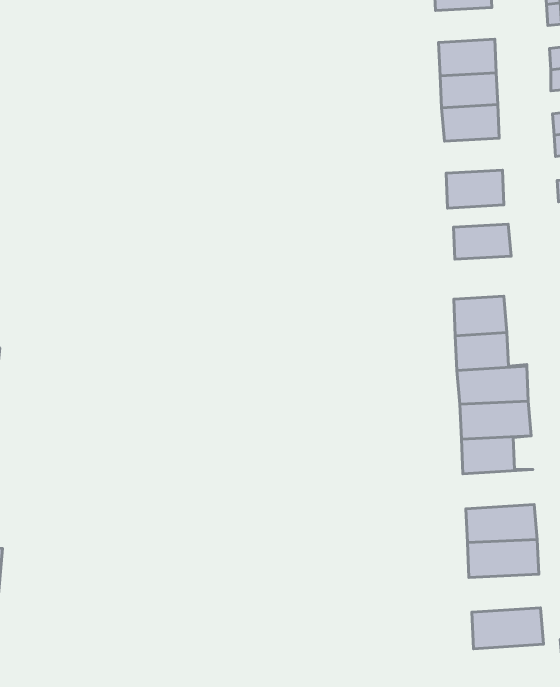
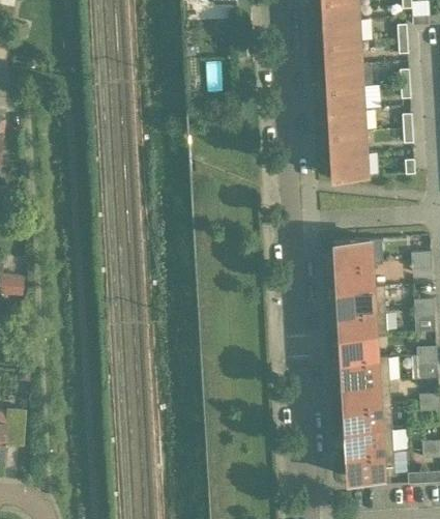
building: none -> [322,42,362,66]
building: [453,224,511,259] -> [328,132,368,155]
building: none -> [341,357,389,384]
building: none -> [345,429,393,455]

